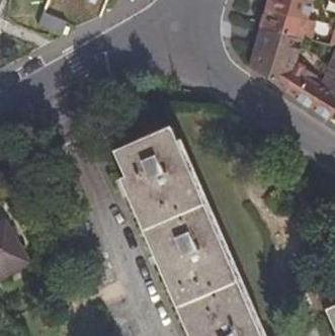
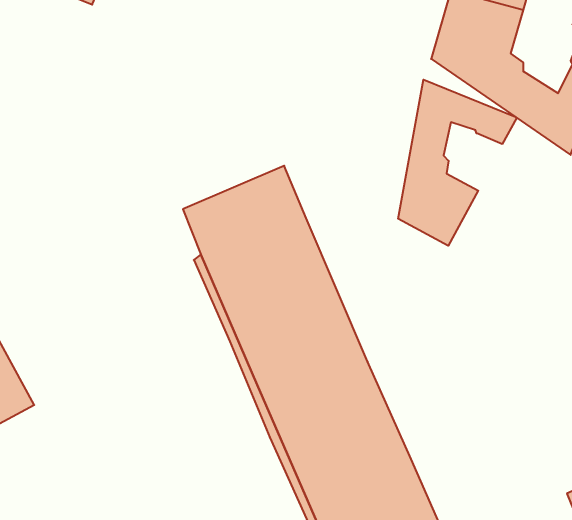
building: none -> [398,80,516,246]

